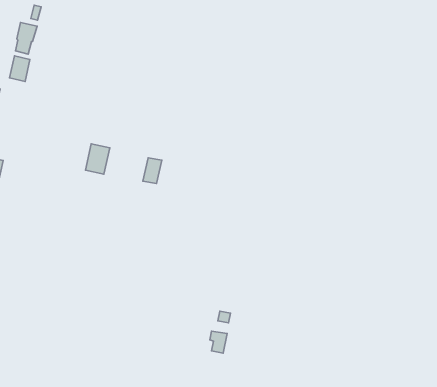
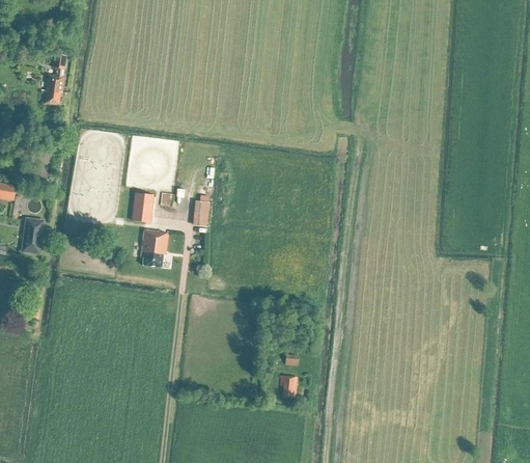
building: [10,56,30,82] -> none
building: none -> [141,229,167,268]

